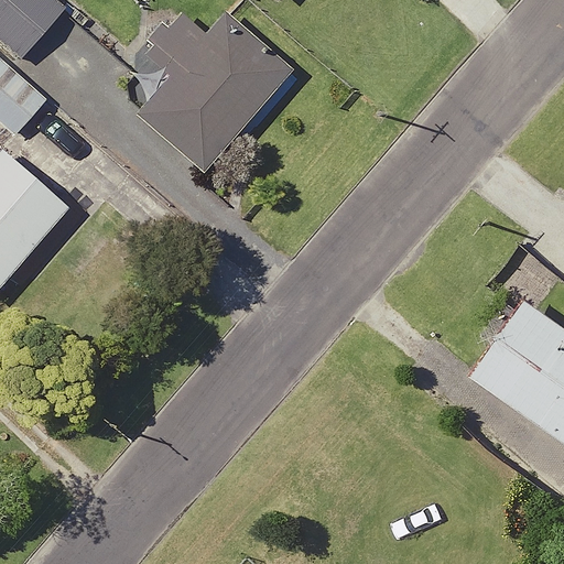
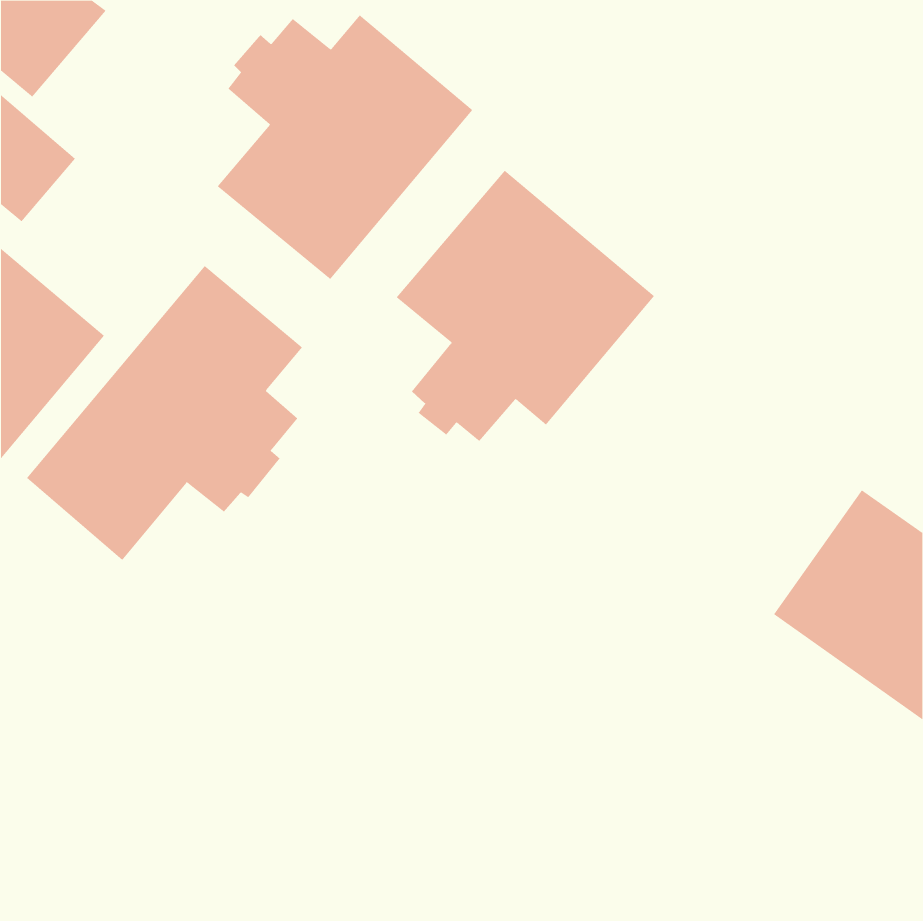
building: none -> [396,170,655,442]
building: none -> [26,265,303,561]

